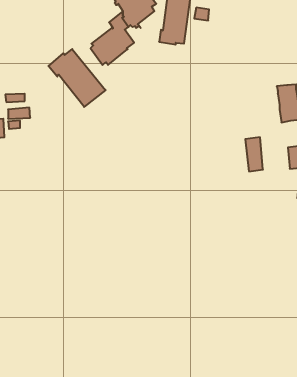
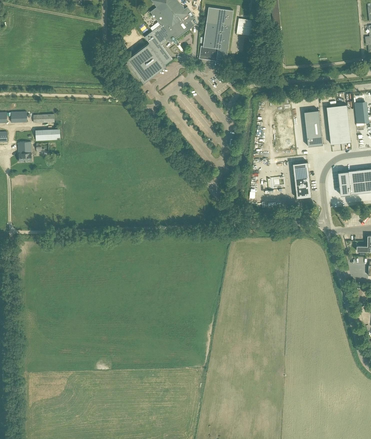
building: [48,49,106,107] -> none
building: none -> [305,110,323,146]

